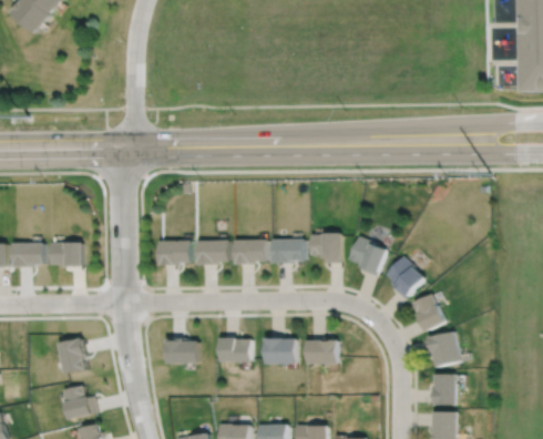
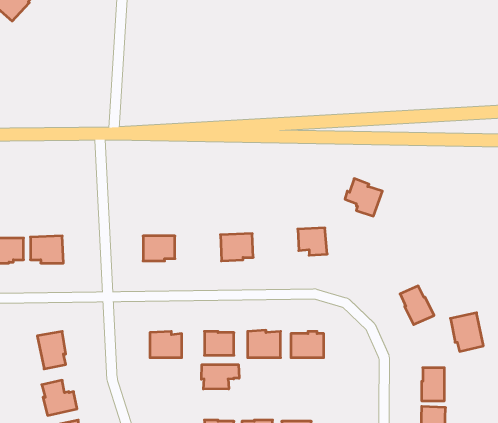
building: [348,237,385,274] -> [345,179,382,216]
building: [274,241,306,266] -> none
building: [198,242,230,267] -> none
building: [385,254,423,297] -> none
building: [427,328,459,366] -> [450,313,483,351]
building: none -> [201,365,239,389]

